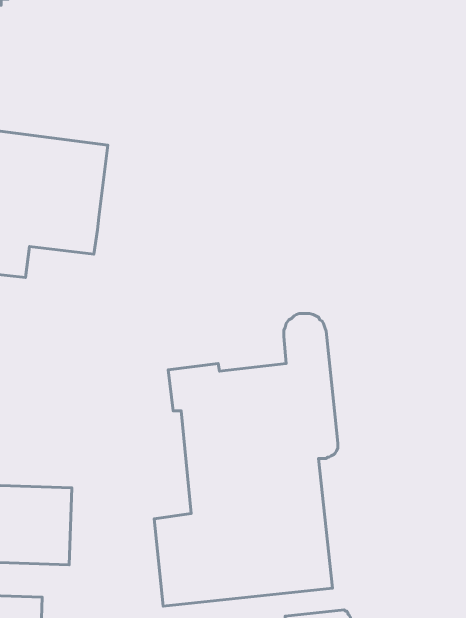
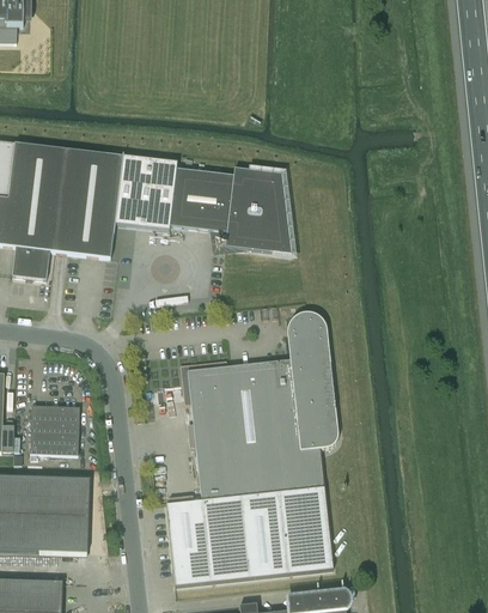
building: none -> [115,156,293,254]
building: none -> [30,405,79,455]

